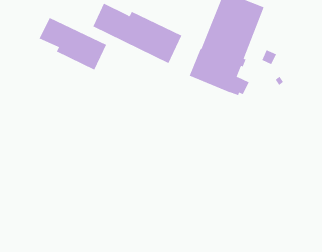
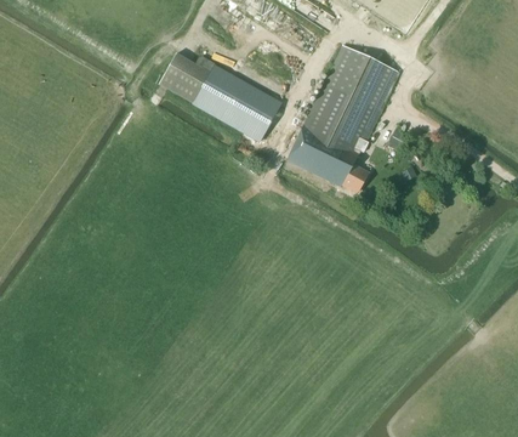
building: [39,17,107,70] -> none

